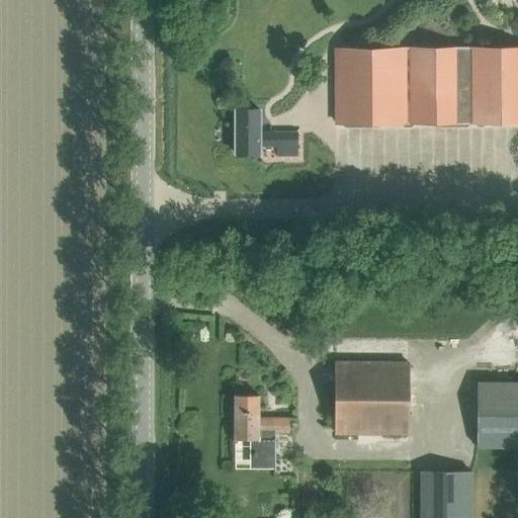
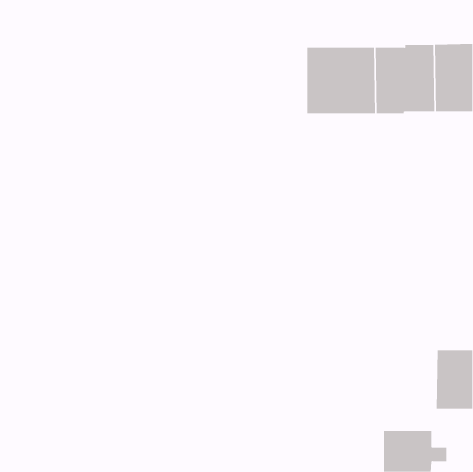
building: [239,111,296,157] -> none
building: [336,362,409,434] -> none
building: [235,395,289,465] -> none

